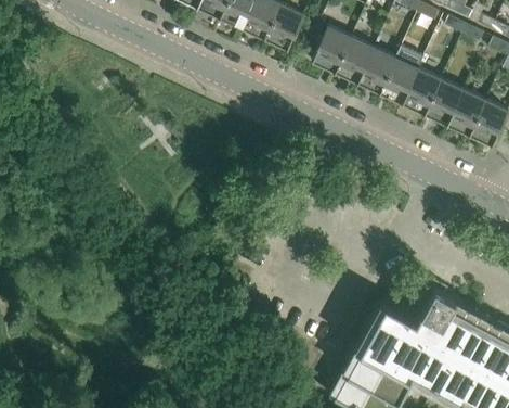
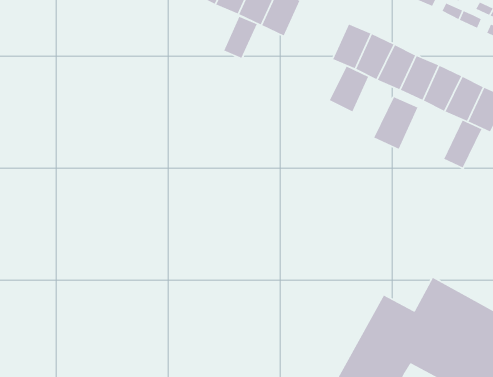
building: [311,24,351,71] -> [329,65,369,112]
building: none -> [223,16,258,59]
building: none -> [373,96,419,150]
building: none -> [443,120,482,168]

